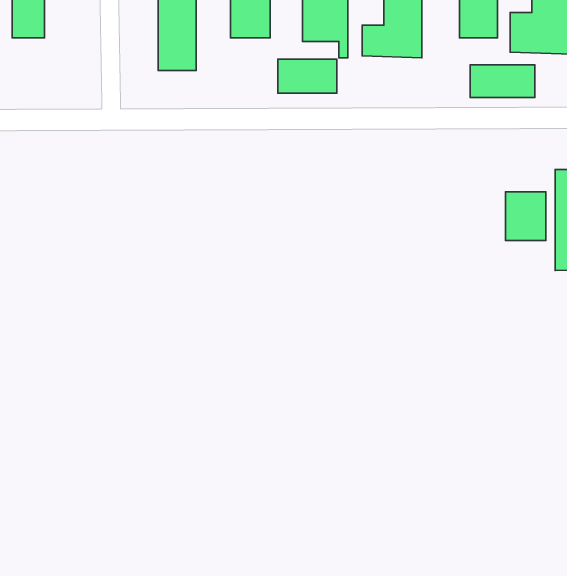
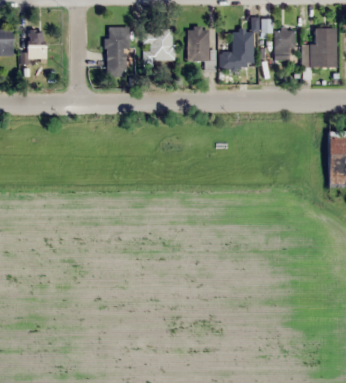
building: [278,59,337,93] -> none
building: [470,65,535,98] -> none
building: [506,192,546,241] -> none

